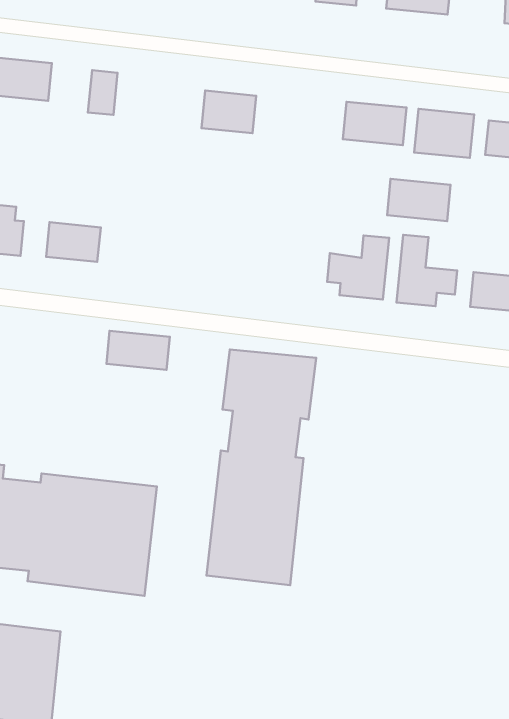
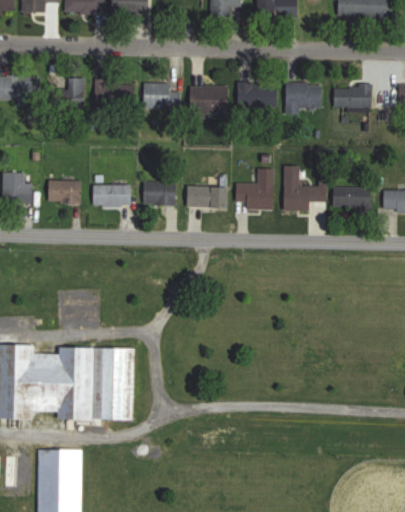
building: none -> [95,82,135,103]
building: none -> [189,85,229,110]
building: [387,179,451,221] -> none
building: none -> [144,181,177,204]
building: none -> [187,185,229,207]
building: [106,331,170,370] -> [93,184,133,206]
building: [207,350,316,585] -> none

